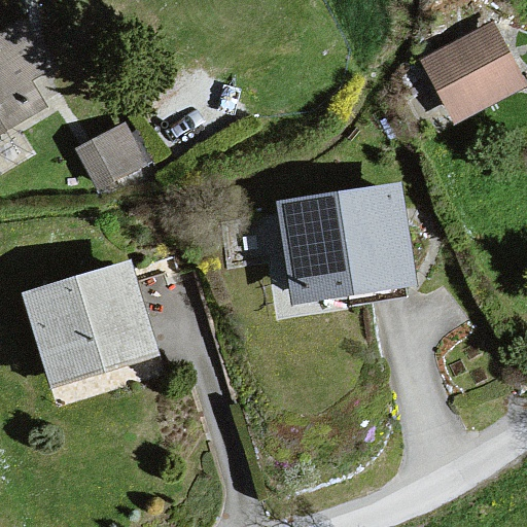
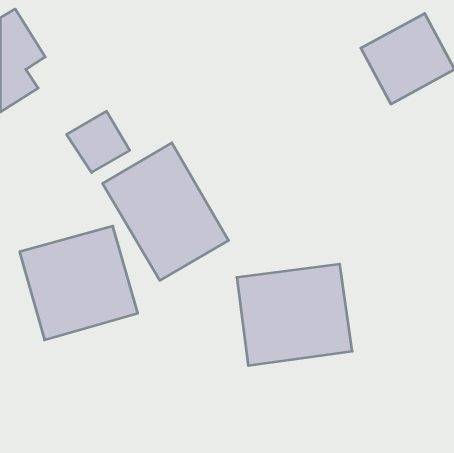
building: none -> [103,143,229,280]
building: [279,184,413,302] -> [237,264,352,366]

